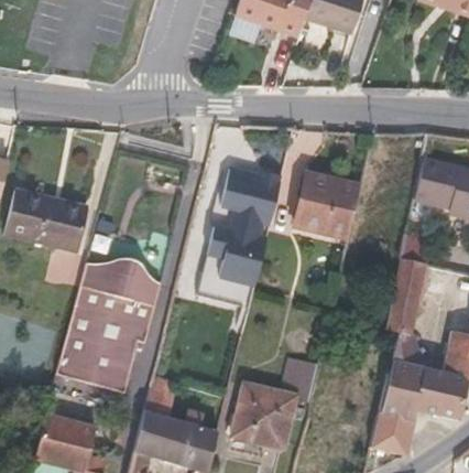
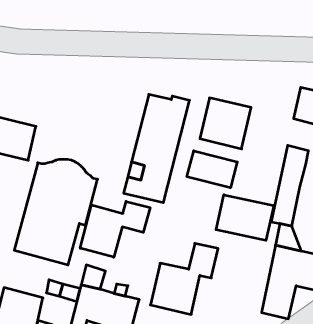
building: none -> [187,151,237,188]
building: none -> [216,195,274,240]
building: none -> [80,201,150,257]

